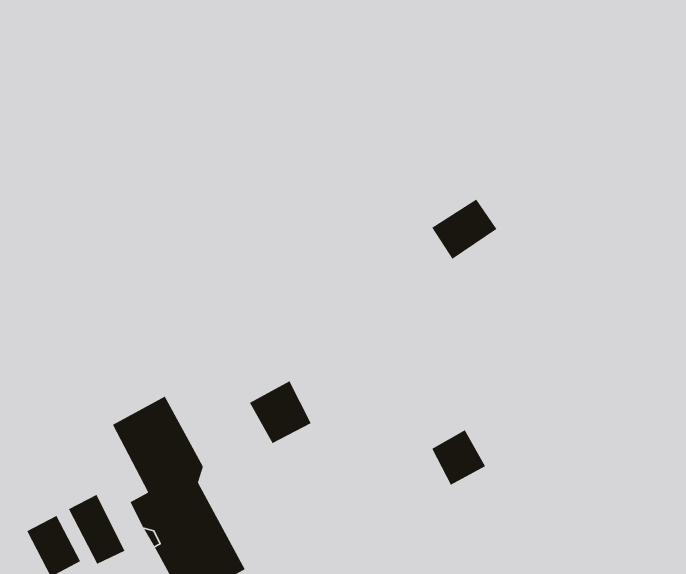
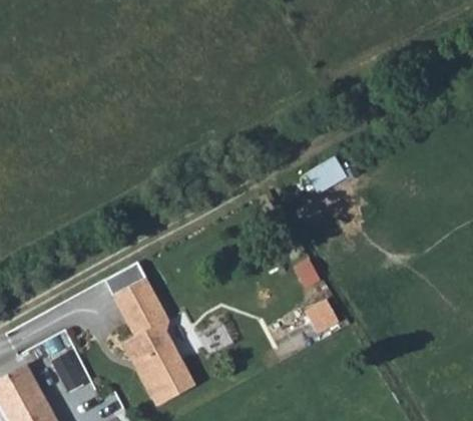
building: [249,380,312,444] -> none
building: [68,494,125,565] -> none

